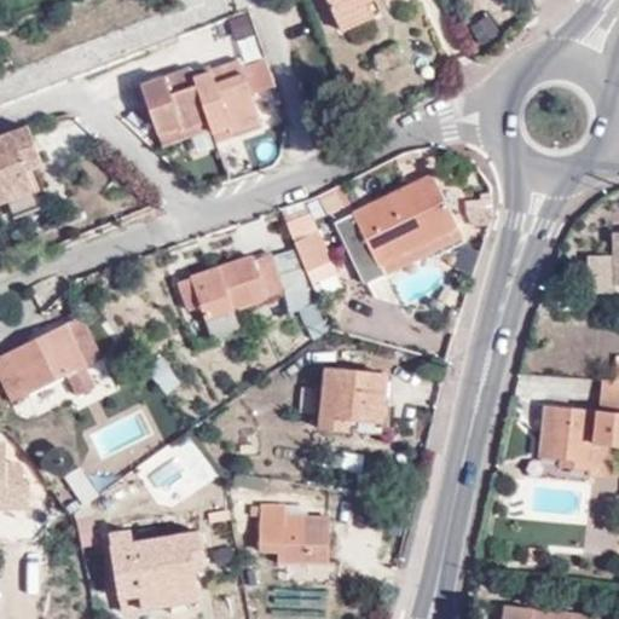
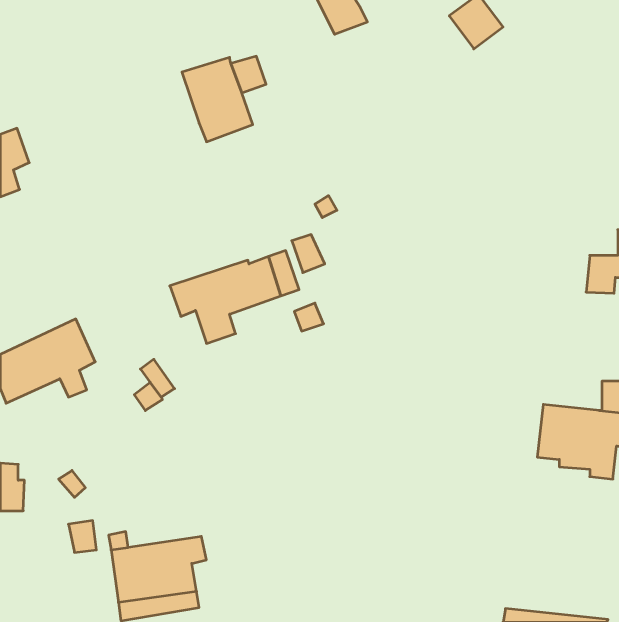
building: [121,66,202,134] -> none
building: [330,175,461,288] -> none
building: [326,366,391,434] -> none
building: [262,508,341,566] -> none

